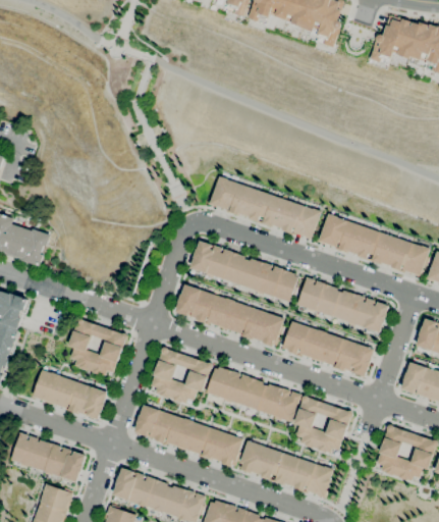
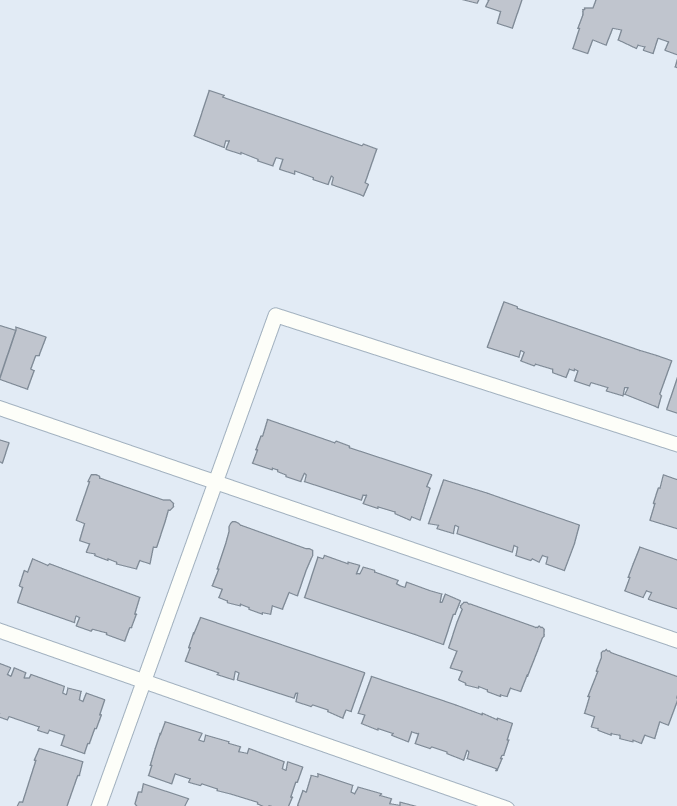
building: [210,175,321,240] -> [194,90,377,196]
building: [190,241,297,302] -> none
building: [297,277,389,332] -> none

